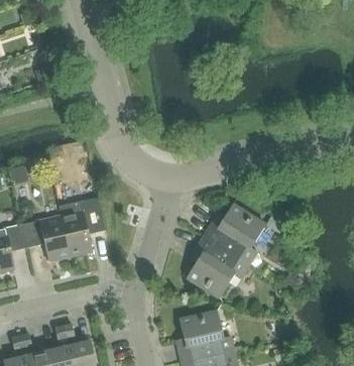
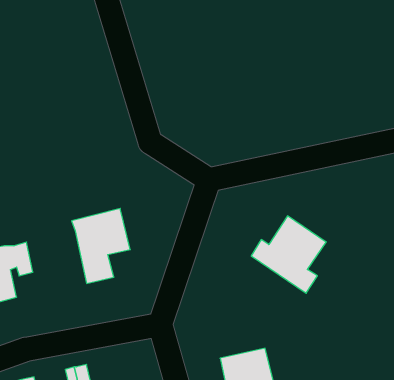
building: [23,215,72,262] -> none
building: [187,235,249,294] -> none

